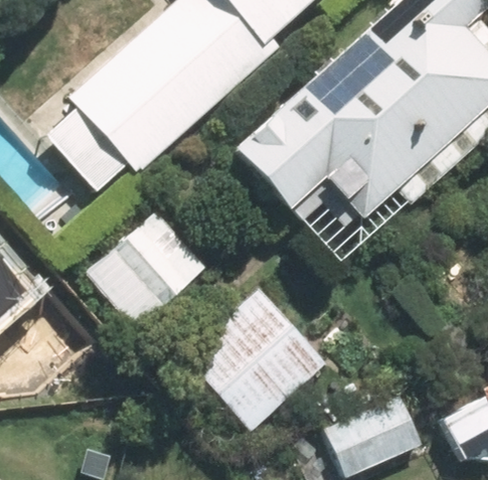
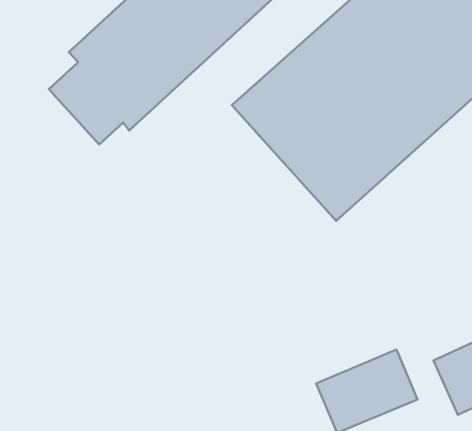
building: [88,205,209,326] -> none
building: [184,286,325,428] -> none

